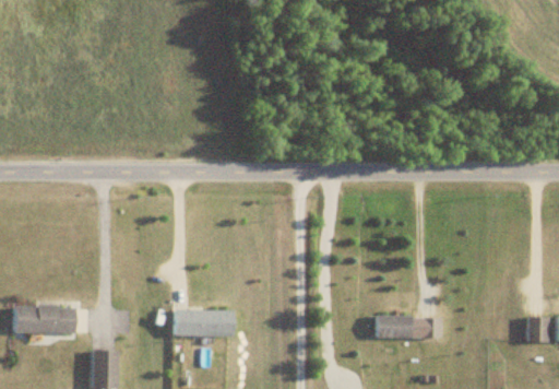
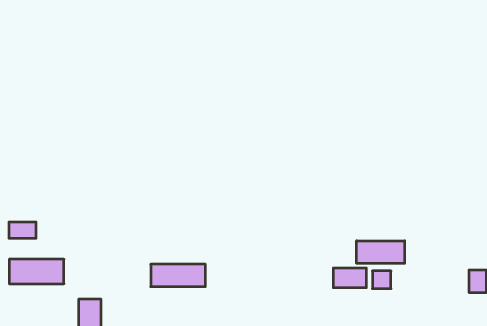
building: none -> [9,222,36,238]
building: none -> [357,241,405,263]

